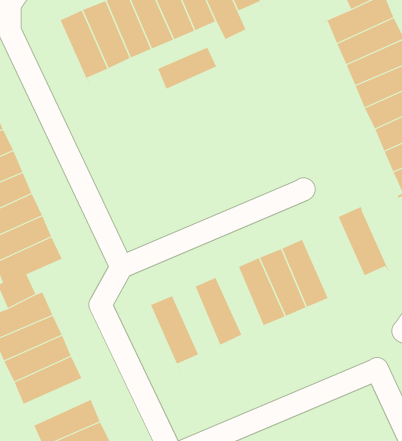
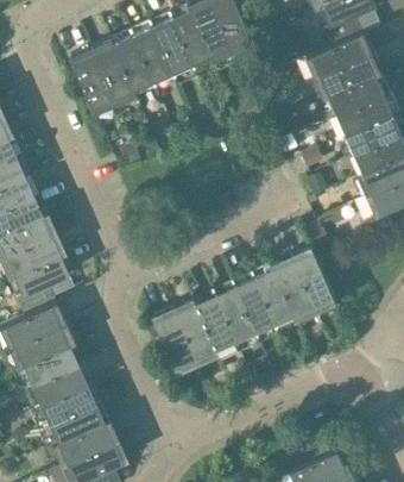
building: [157,47,217,89] -> none
building: [338,206,389,276] -> [290,249,336,312]
building: none -> [212,283,254,345]
building: none -> [172,301,215,363]
building: none -> [37,384,99,427]

